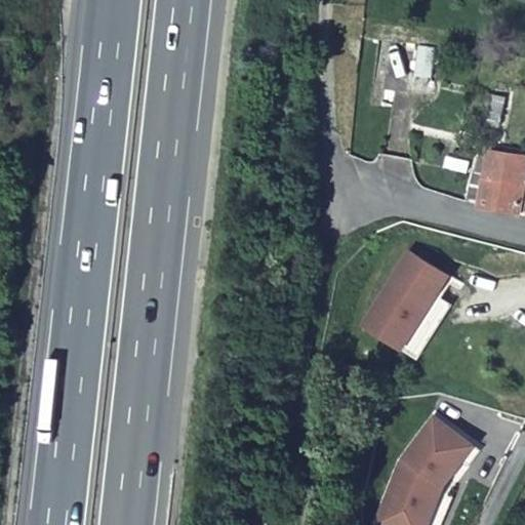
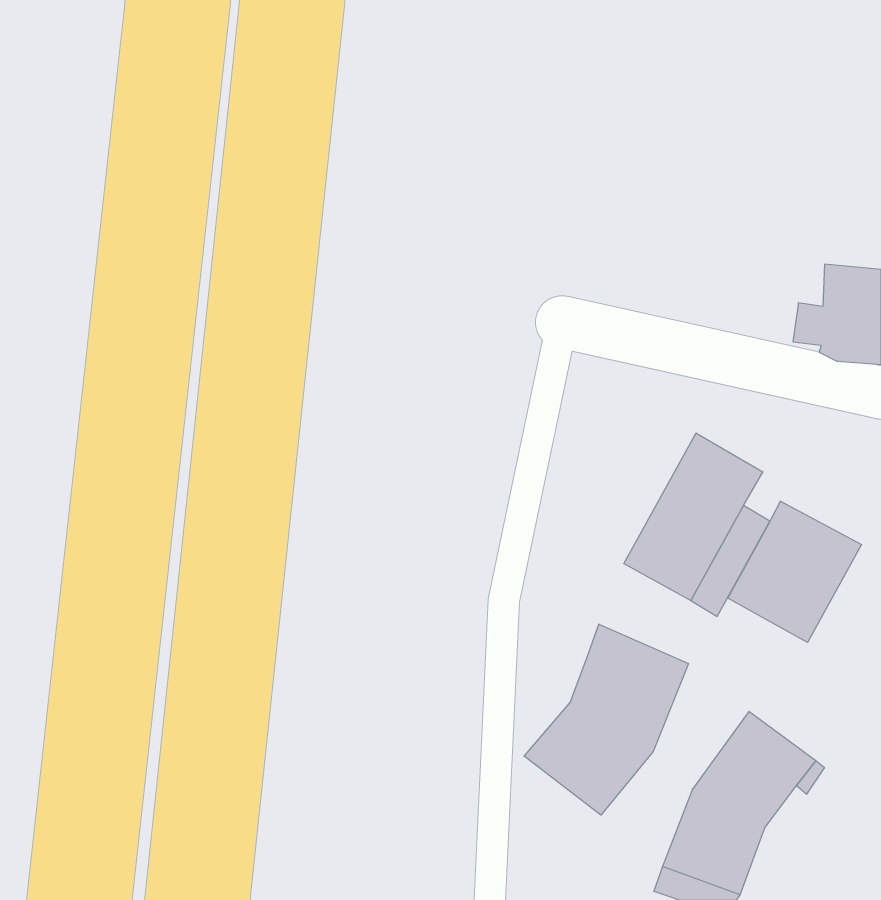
building: none -> [728,501,862,642]
building: none -> [524,624,688,815]

